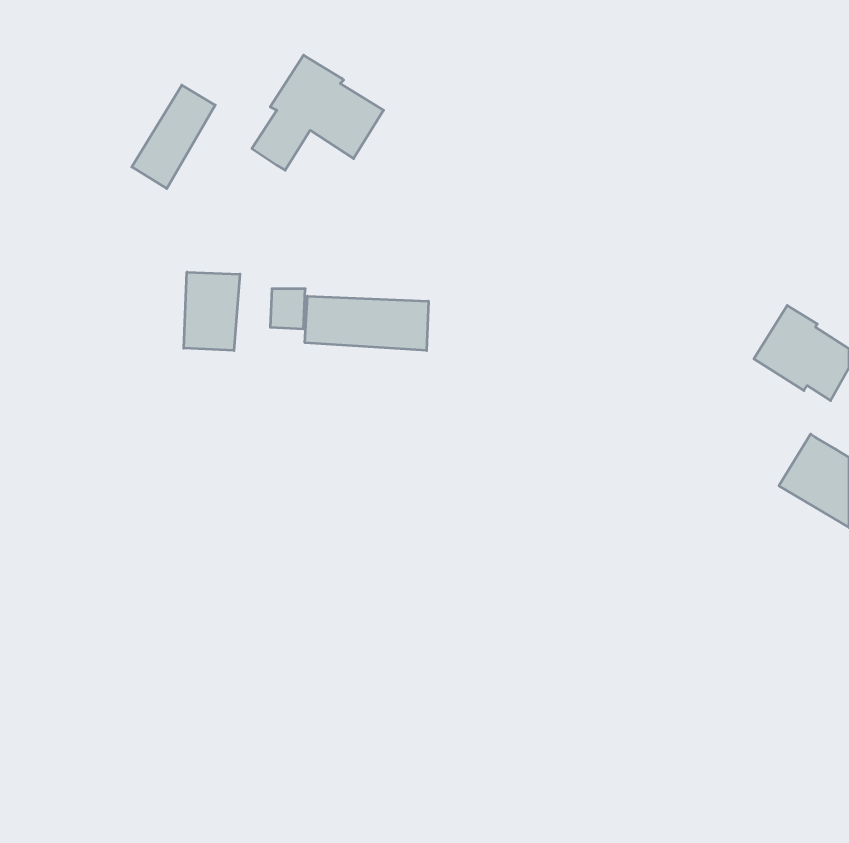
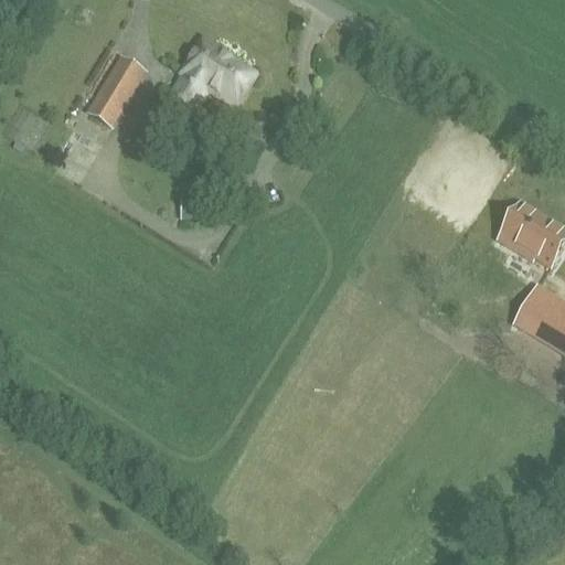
building: [184,272,240,351] -> none
building: [305,296,428,351] -> none

